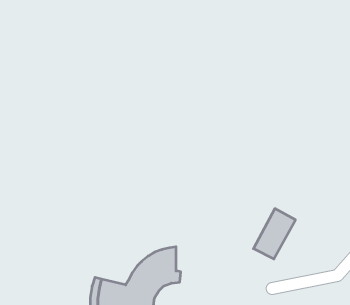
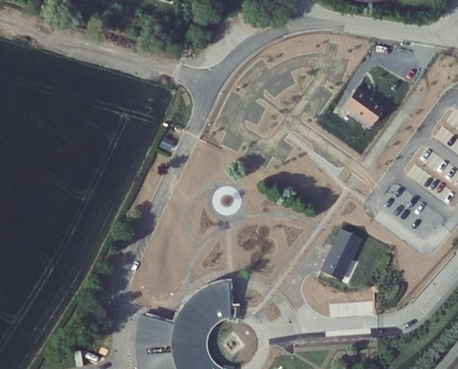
building: none -> [340,88,379,128]

